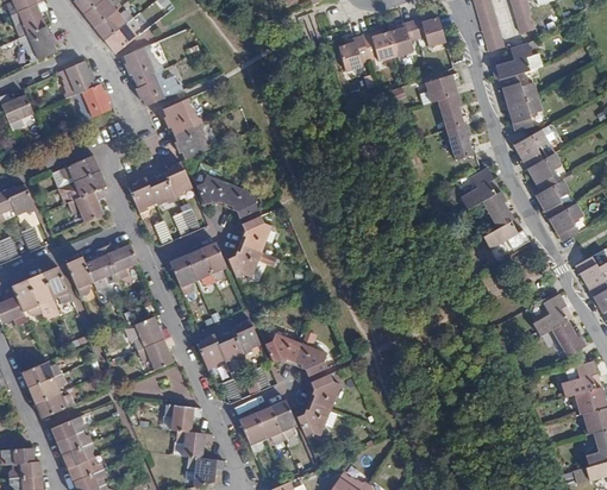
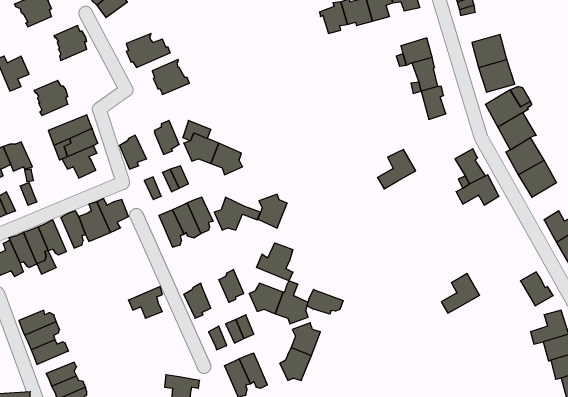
building: [123,43,162,80] -> none
building: [490,43,530,80] -> none
building: [74,83,109,120] -> [34,80,68,115]
building: [173,121,211,158] -> none
building: [459,168,500,209] -> [377,149,416,189]
building: [145,174,175,203] -> none
building: [239,215,270,251] -> [258,194,287,228]
building: none -> [256,243,293,281]
building: [532,294,572,335] -> [441,274,480,313]
building: [125,315,170,350] -> none
building: [214,331,244,360] -> none
building: none -> [307,289,343,314]
building: [269,398,295,439] -> none
building: [164,403,201,431] -> none

